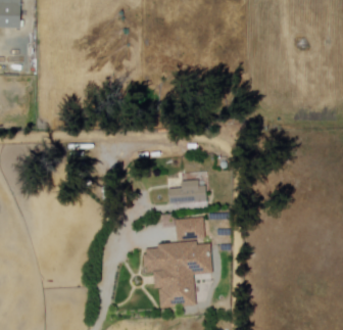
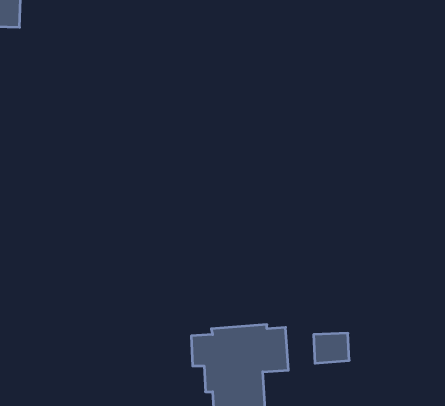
building: [167,180,206,204] -> none
building: [179,216,204,237] -> [314,333,349,363]

